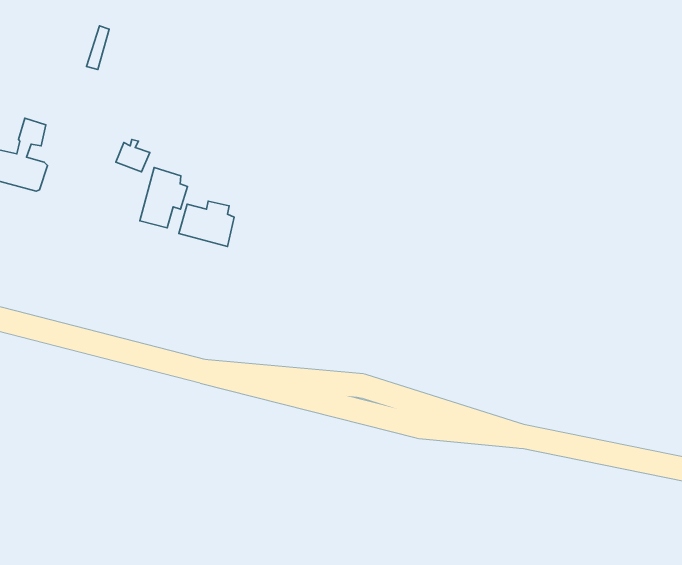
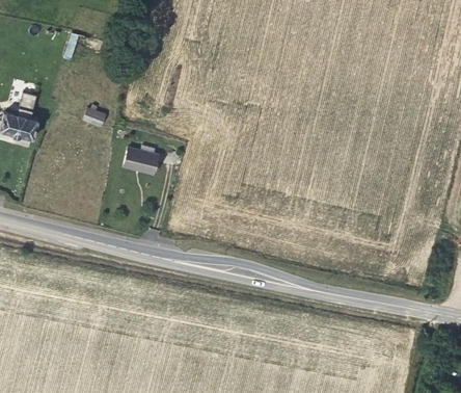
building: [140,167,187,228] -> none

